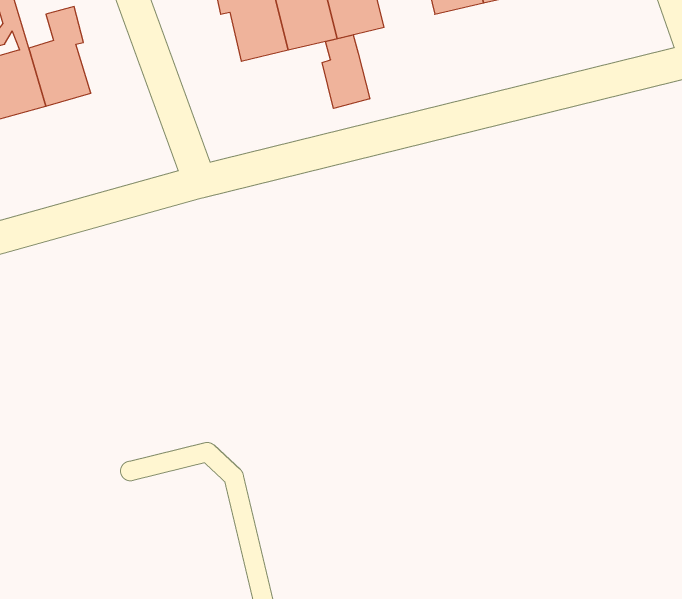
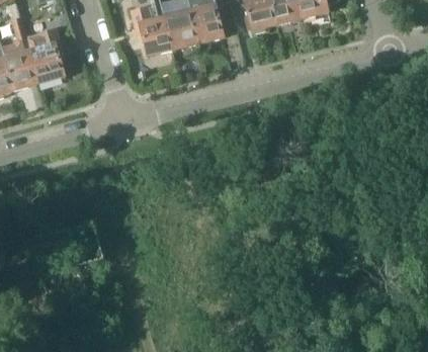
building: [322,35,370,108] -> none

